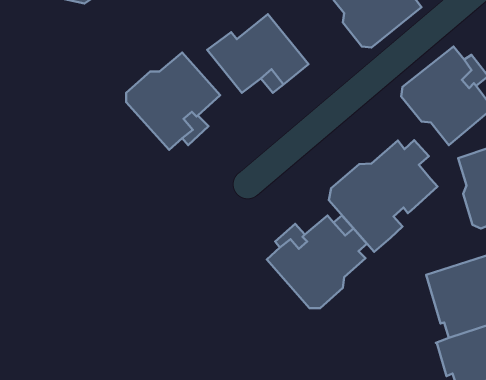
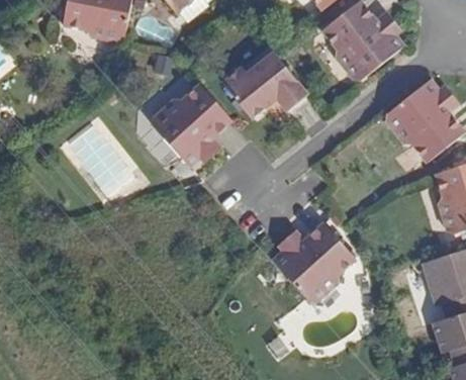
building: [329,140,438,252] -> none

